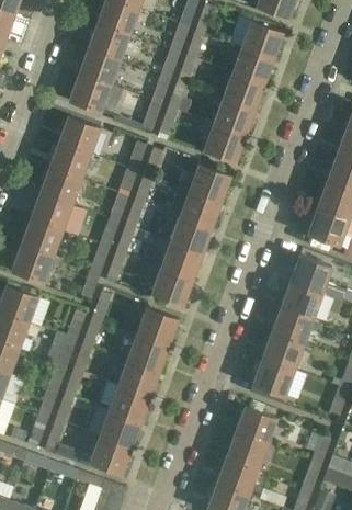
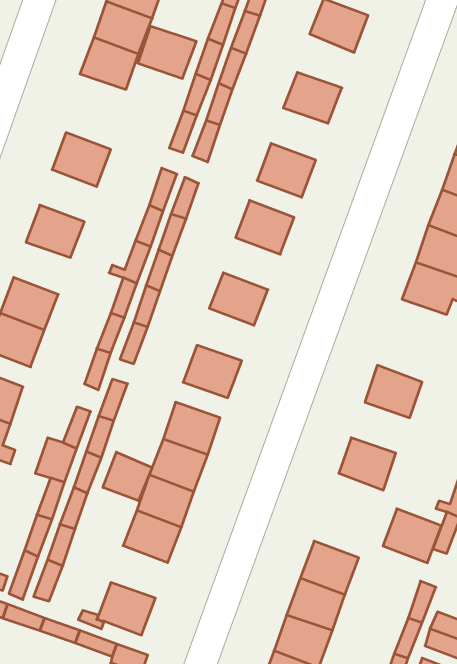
building: [232,46,273,84] -> none
building: [69,75,111,112] -> [138,26,196,78]
building: [214,99,254,136] -> none
building: [49,143,90,180] -> none
building: [170,188,220,228] -> none
building: [31,194,71,231] -> none
building: [161,241,202,279] -> none
building: [289,256,340,299] -> none
building: [271,308,313,344] -> none
building: none -> [103,452,152,501]
building: [252,359,294,397] -> [383,509,441,563]
building: [100,410,140,447] -> none

